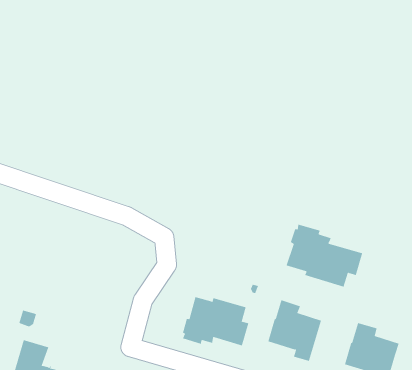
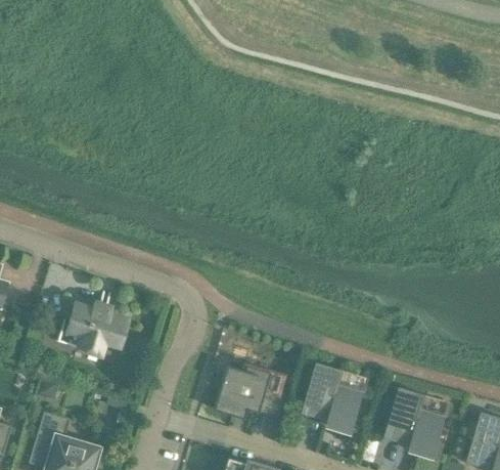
building: [286,224,363,287] -> none
building: none -> [58,291,128,353]

